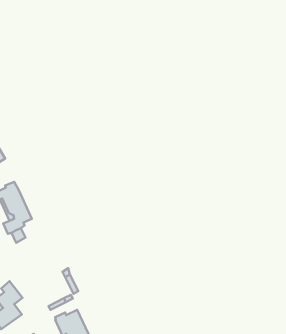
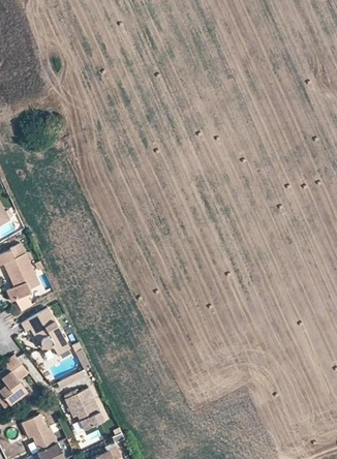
building: none -> [22,309,71,356]

